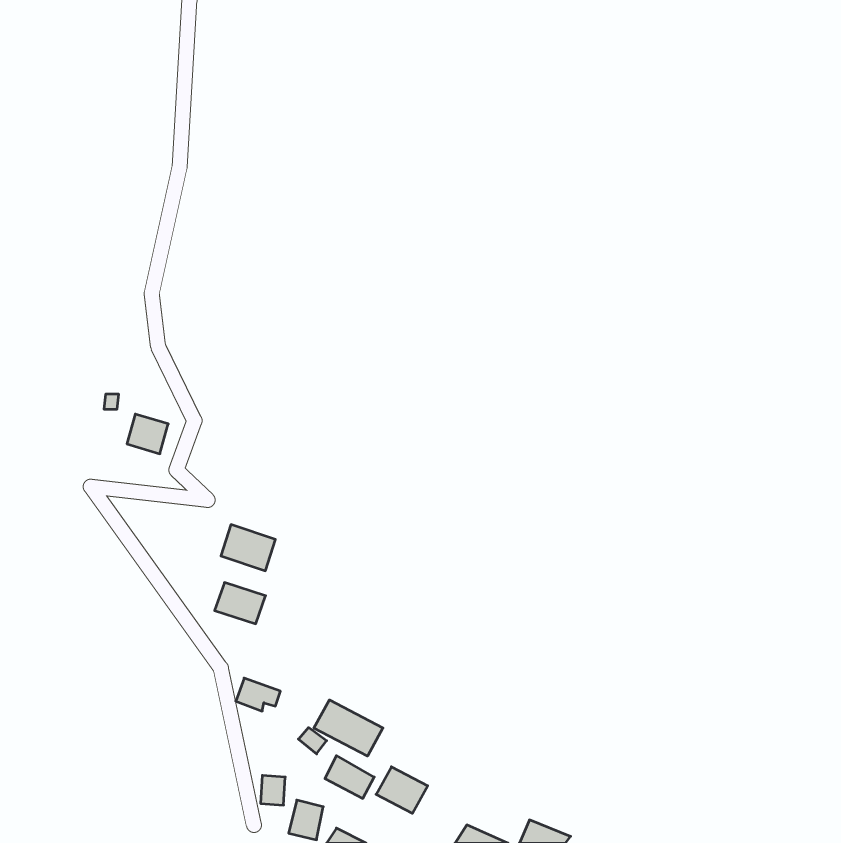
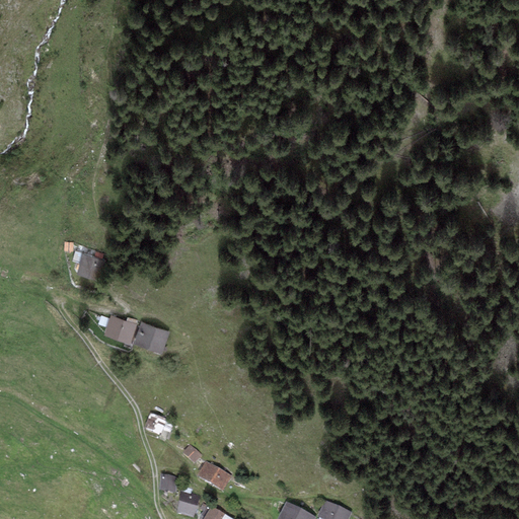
building: [215,583,266,624] -> [104,316,136,342]
building: [314,700,383,756] -> none
building: [376,767,428,813] -> none

